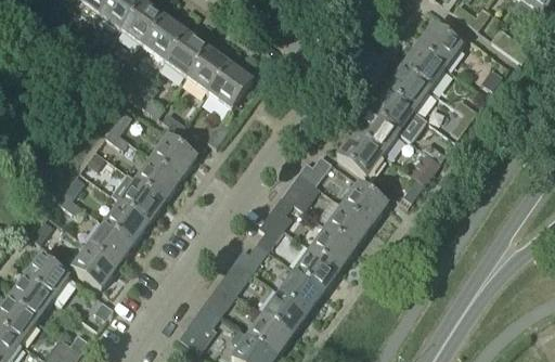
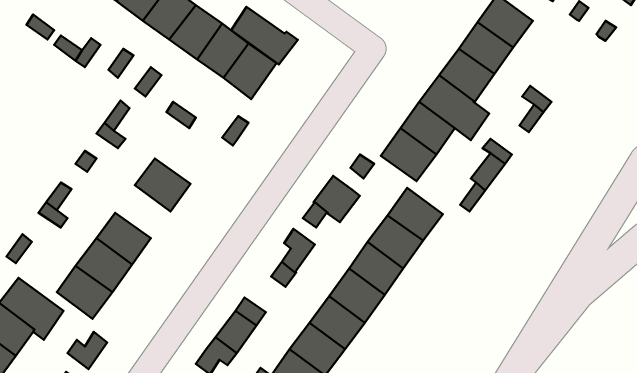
building: none -> [231,7,298,64]
building: [153,133,198,177] -> none
building: [120,178,166,221] -> none

